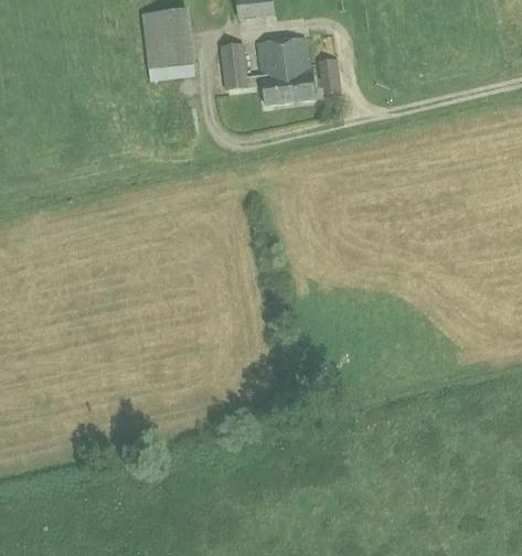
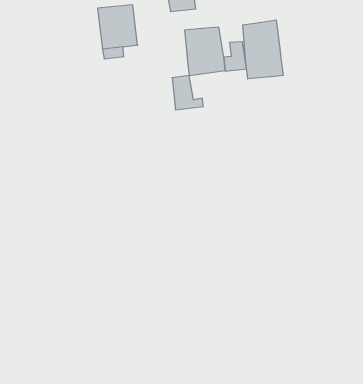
building: none -> [243,20,283,79]
building: [220,43,262,89] -> [172,75,203,110]

